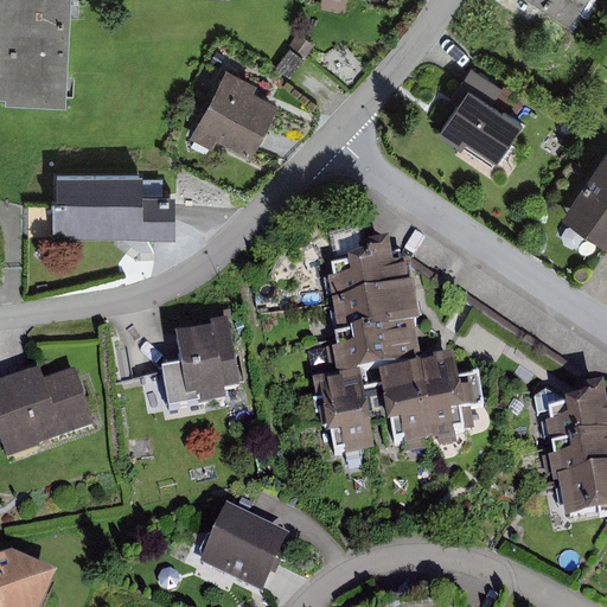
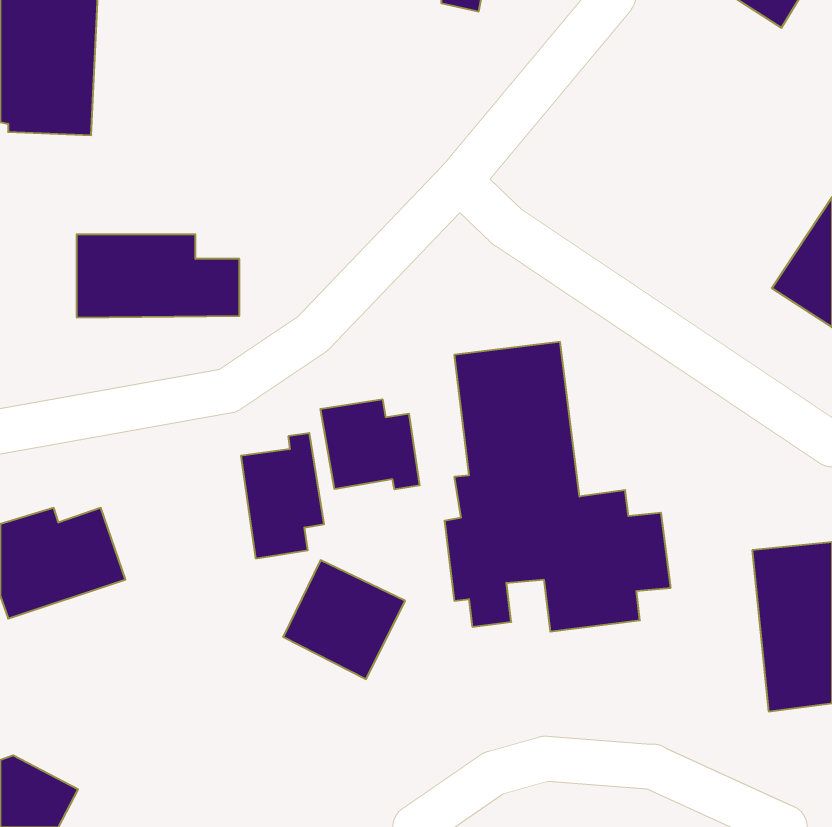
building: [193,71,276,149] -> none
building: [437,83,519,154] -> none
building: none -> [320,399,420,489]
building: [202,505,290,592] -> [283,560,405,679]

